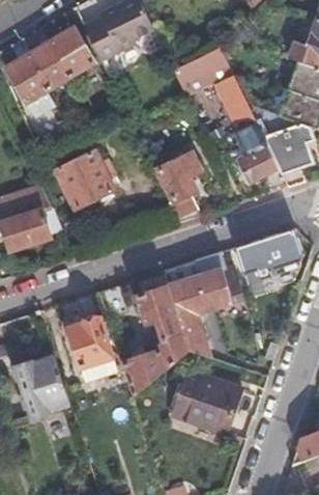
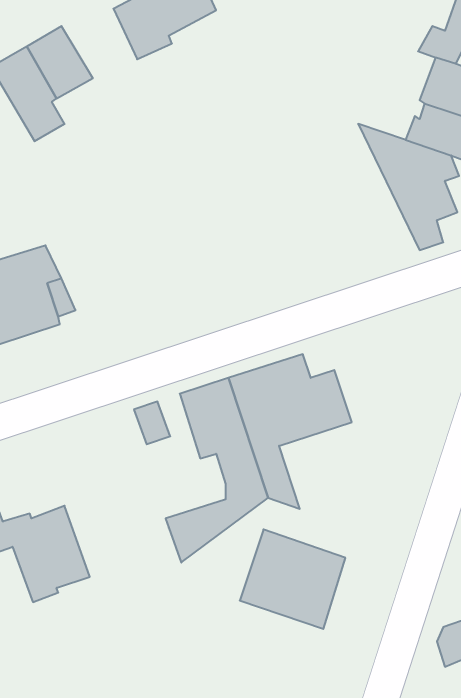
building: [53,28,95,75] -> none
building: [174,48,288,193] -> none
building: [57,150,116,209] -> none
building: [158,152,202,223] -> none
building: [234,230,300,277] -> none
building: [67,320,123,384] -> none

